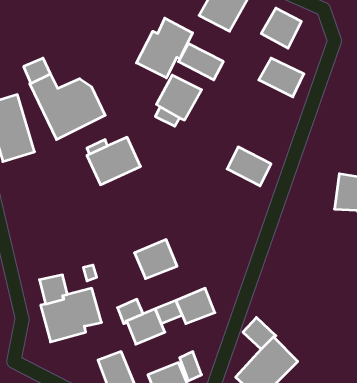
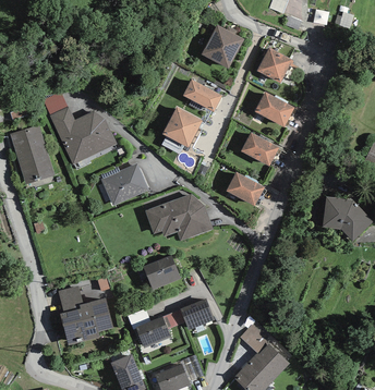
building: [136,18,193,78] -> none
building: none -> [240,132,279,166]
building: none -> [145,193,213,240]

